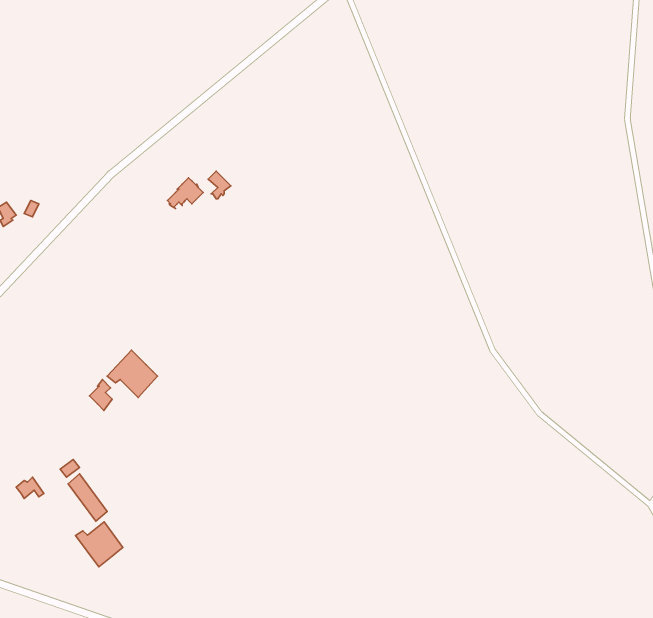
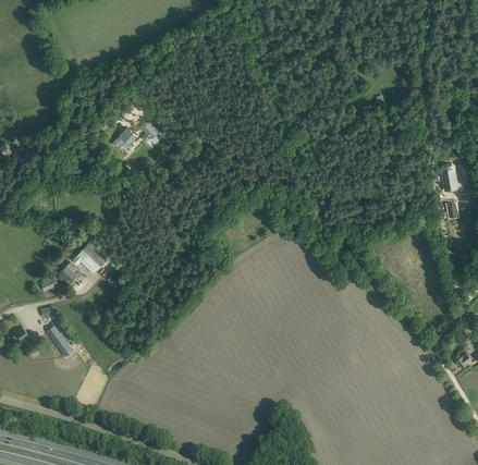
building: [75,522,123,567] -> none

